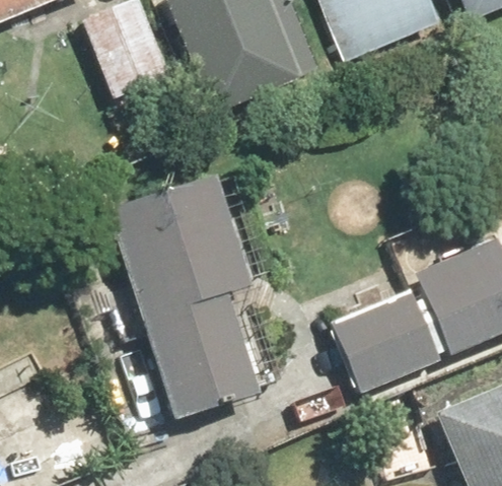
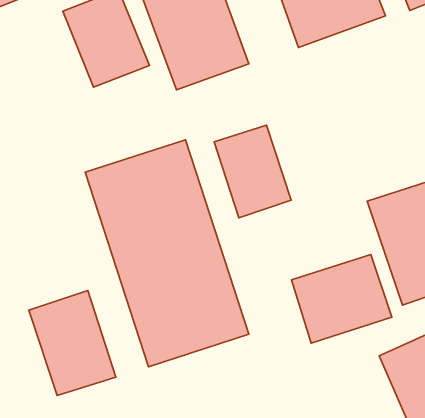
building: none -> [214,125,291,218]
building: none -> [29,290,116,396]

